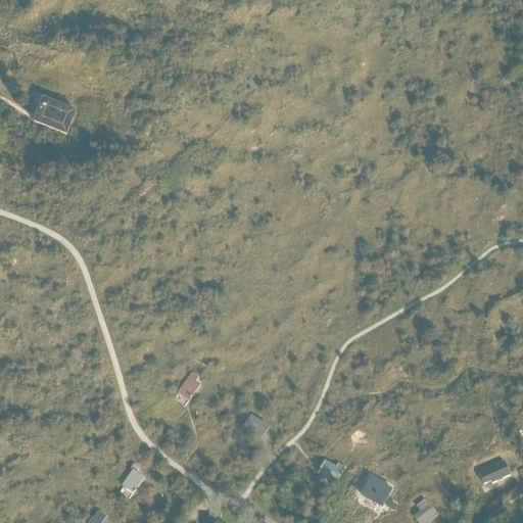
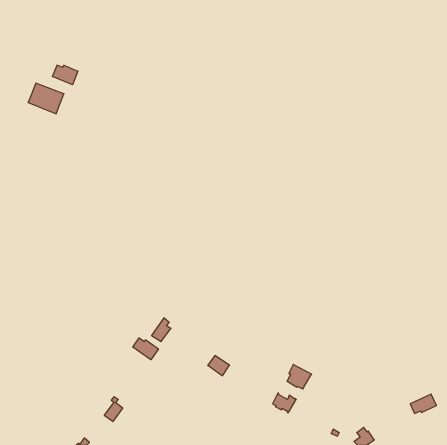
building: none -> [52,65,78,85]
building: none -> [133,338,158,360]
building: [363,476,391,505] -> [287,364,312,389]

